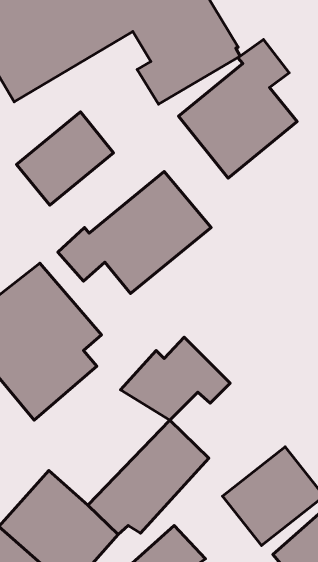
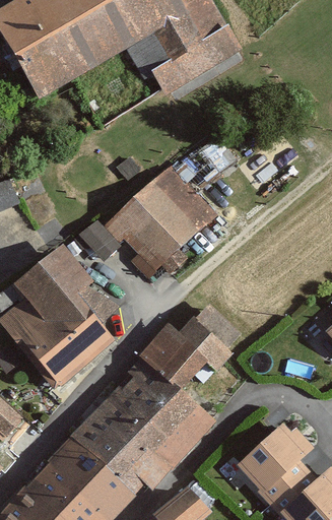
building: [179,40,297,178] -> none
building: [17,112,114,205] -> none
building: none -> [70,362,180,466]

